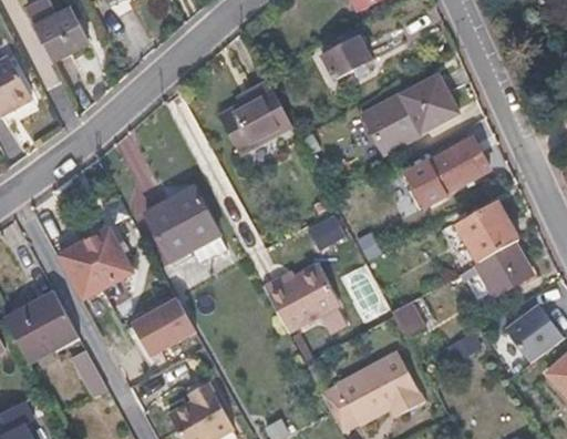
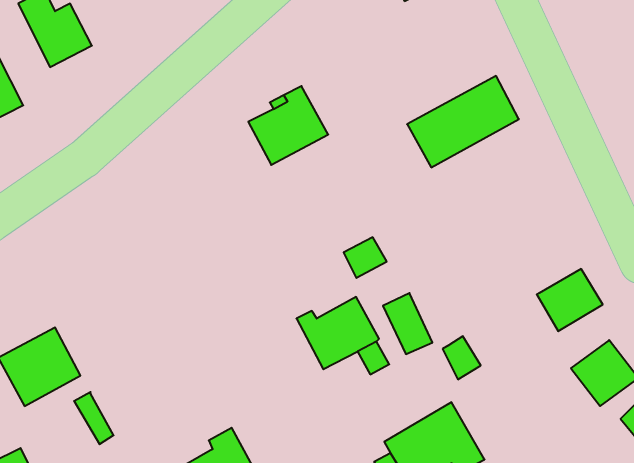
building: [319,28,368,76] -> none
building: [405,137,488,204] -> none
building: [145,187,219,261] -> none
building: [455,203,517,263] -> none
building: [60,228,132,299] -> none
building: [128,296,194,356] -> none

